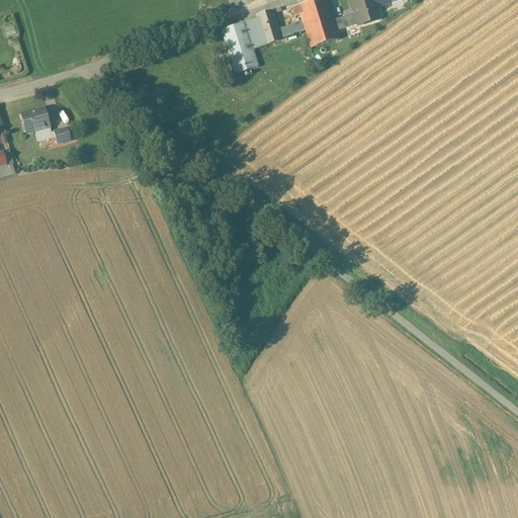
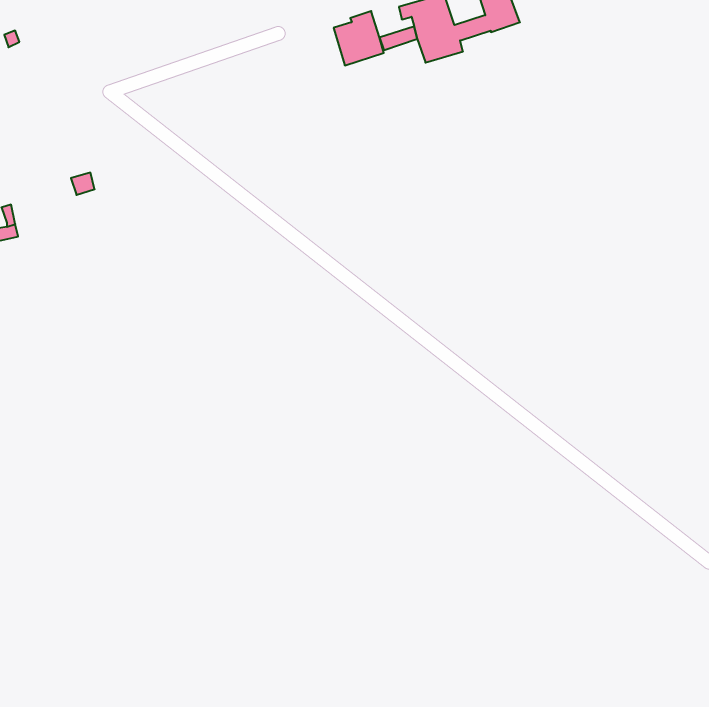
building: [220,20,256,72] -> none
building: [19,106,49,132] -> none

